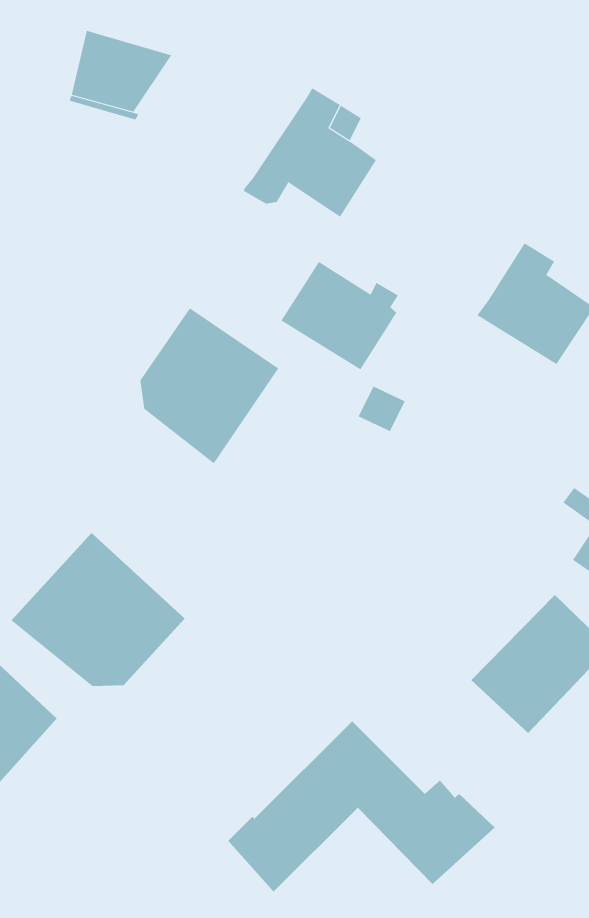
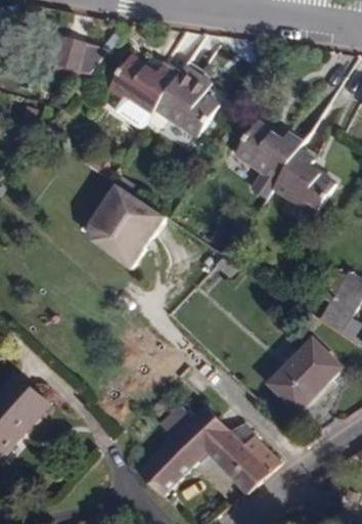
building: none -> [108,55,180,114]
building: [280,261,399,370] -> [234,121,298,179]
building: [10,532,185,687] -> none

